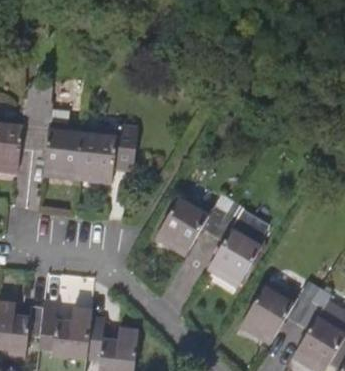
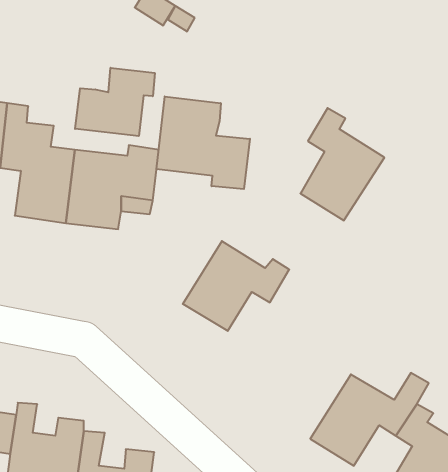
building: none -> [75,68,155,136]
building: none -> [157,96,250,189]
building: [209,211,265,286] -> [300,108,384,220]

